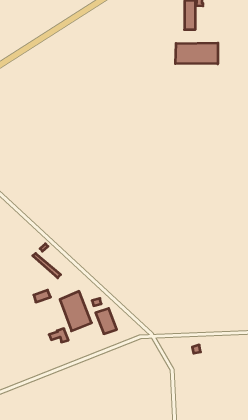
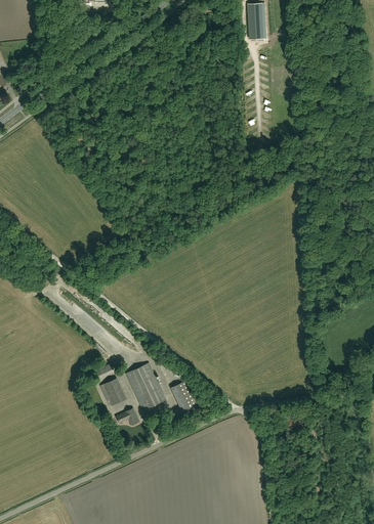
building: [175,43,218,64] -> none
building: none -> [99,378,125,406]

